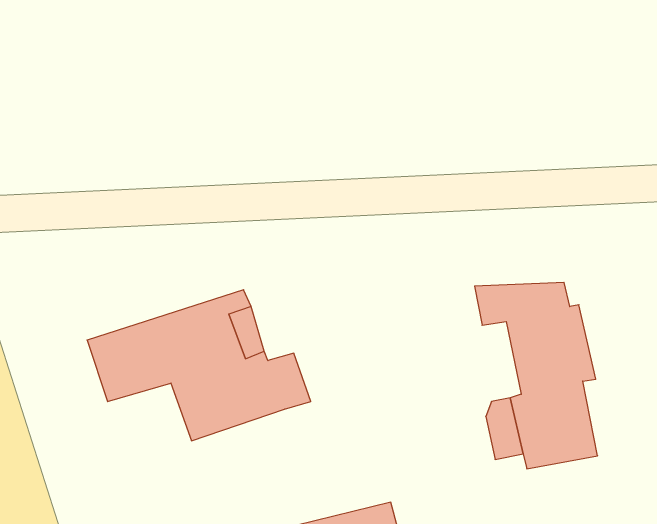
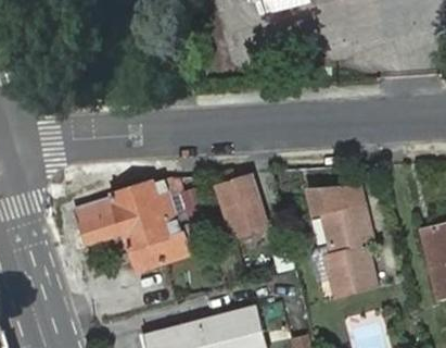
building: none -> [217,173,265,239]

